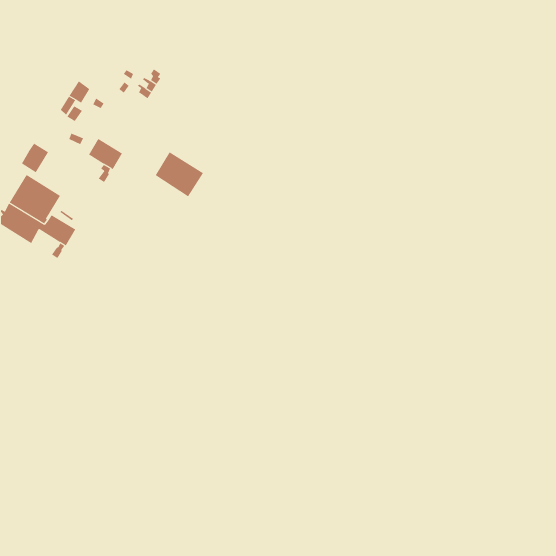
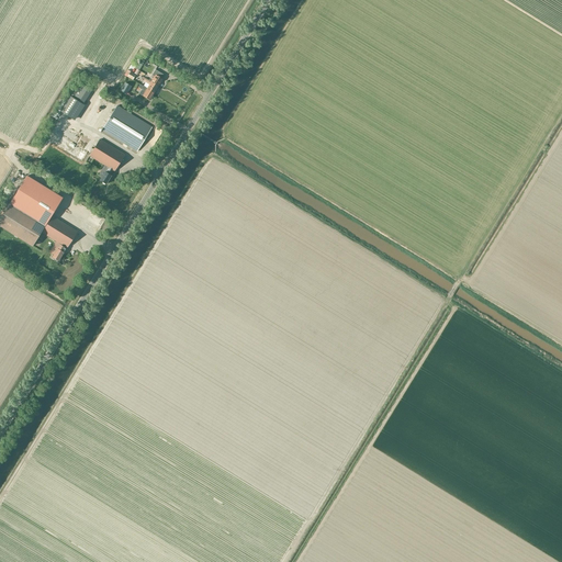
building: [21,143,49,173] -> none
building: [155,151,204,197] -> [102,105,151,151]

